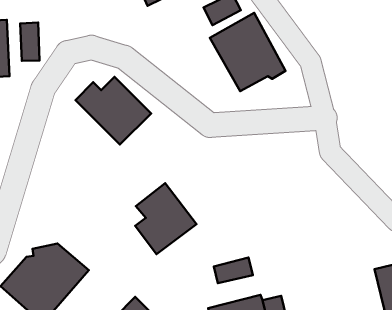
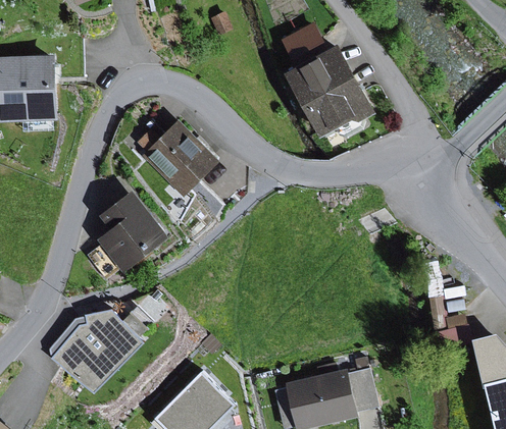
building: [20,23,39,61] -> none
building: [135,183,196,254] -> [97,190,167,271]
building: [214,258,253,283] -> none

